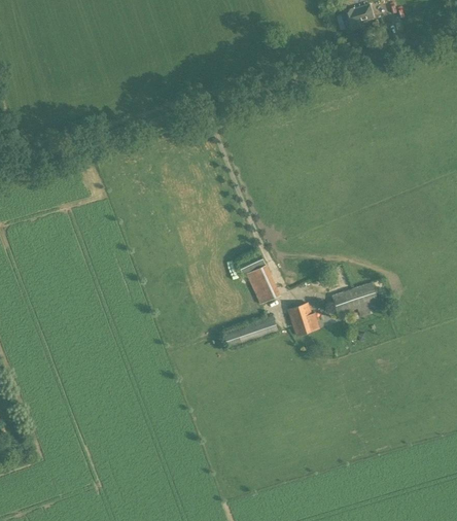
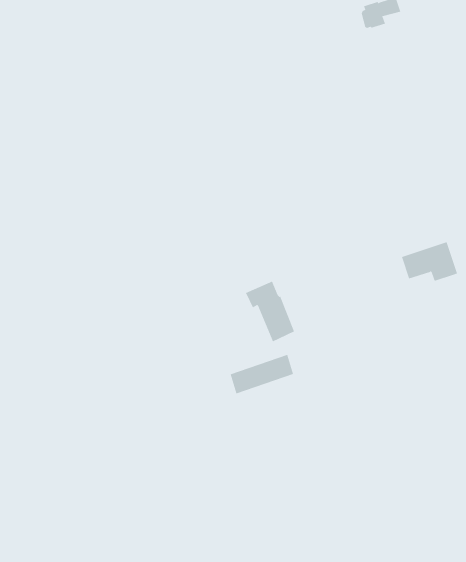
building: [332,281,382,316] -> [401,241,458,282]
building: [288,302,320,335] -> none

